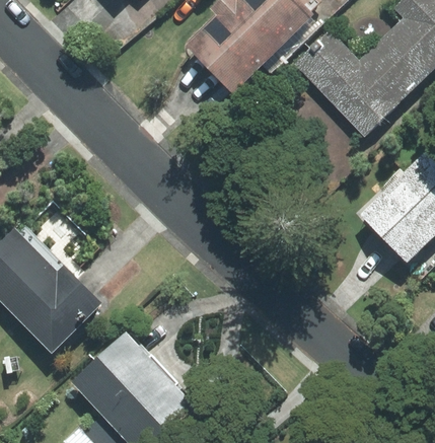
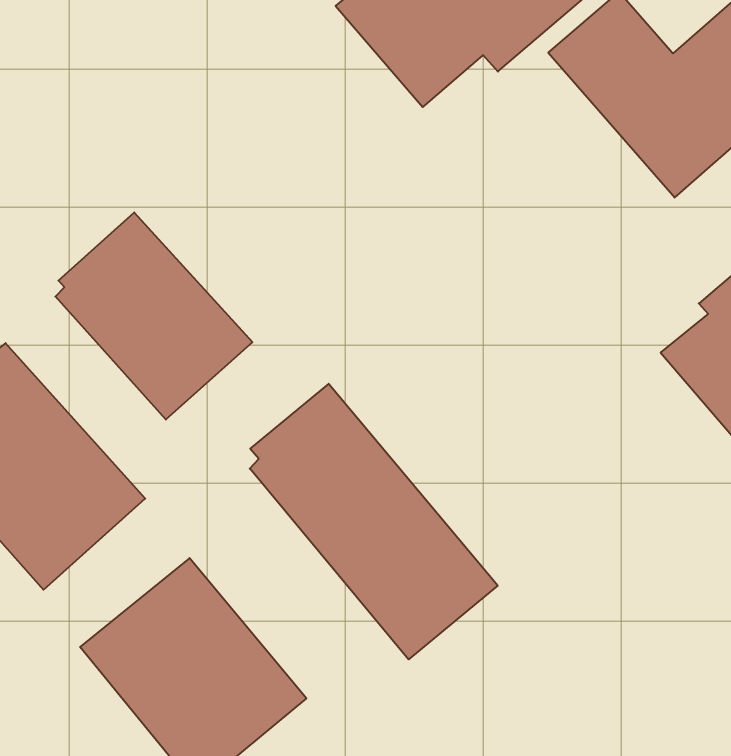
building: none -> [55,212,252,420]
building: none -> [250,384,498,659]

